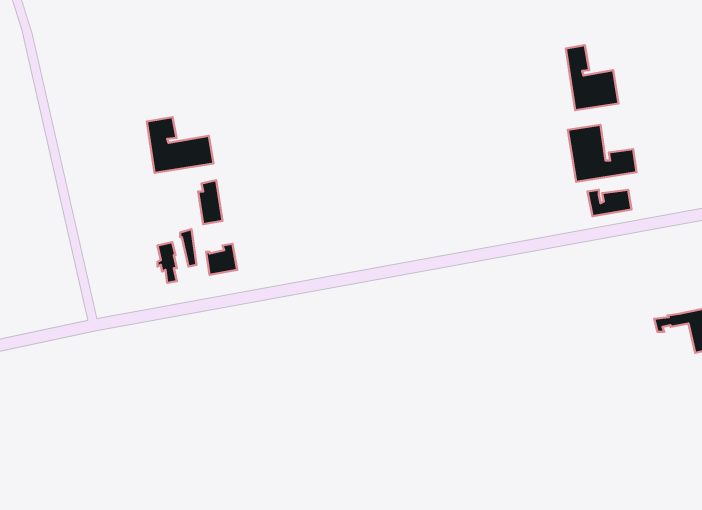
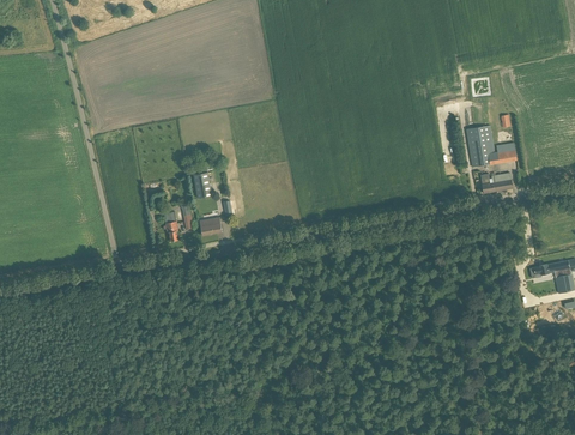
building: [566,45,618,110] -> none
building: [147,117,213,173] -> none

